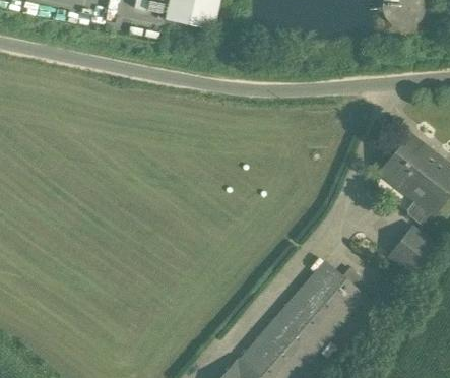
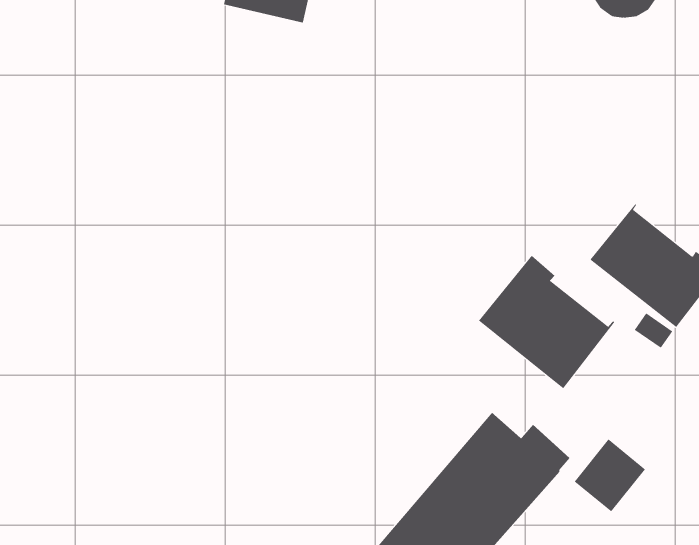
building: none -> [478,255,615,389]
building: [391,228,434,271] -> [574,439,646,512]

